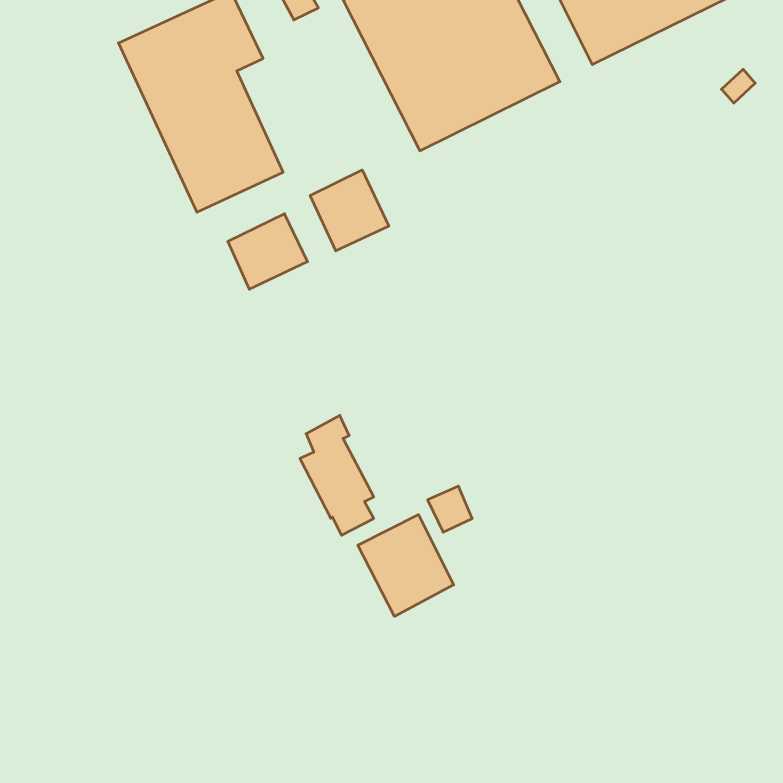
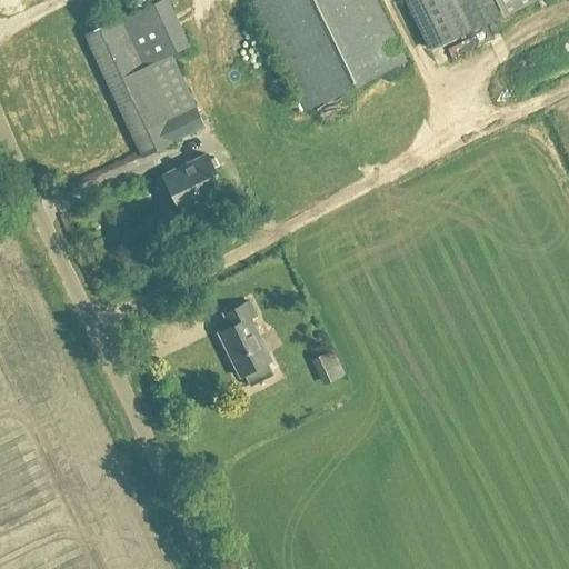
building: [310,170,389,251] -> none
building: [358,515,454,616] -> none

